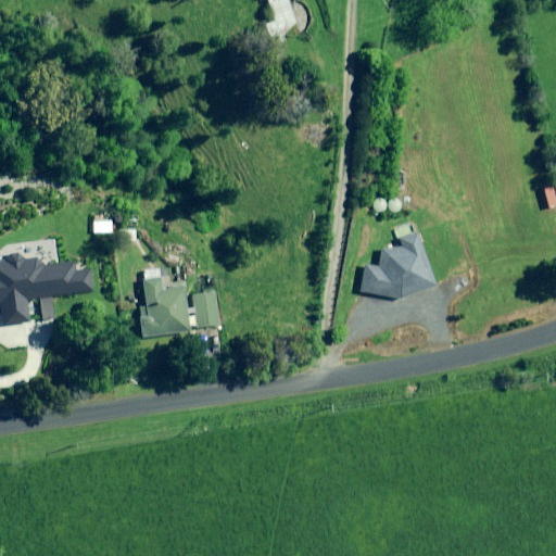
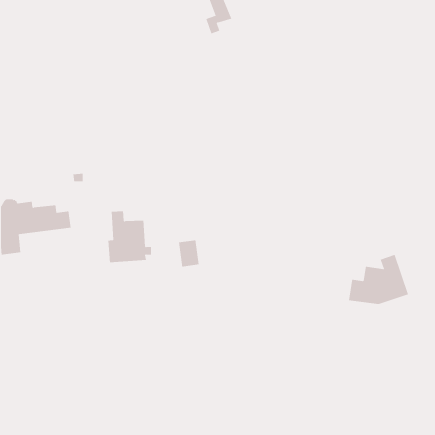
building: [359,232,437,296] -> [348,254,409,305]
building: [192,291,219,326] -> [178,240,199,267]

